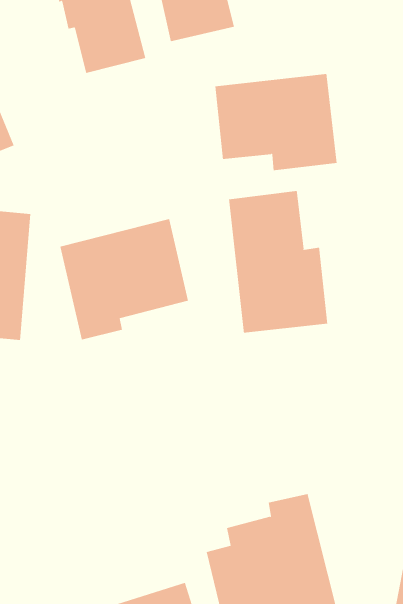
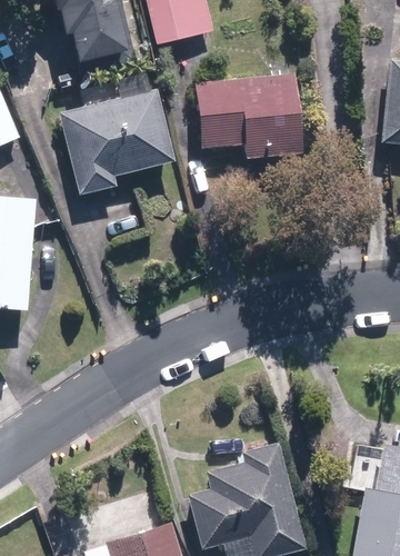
building: [228,190,328,334] -> none
building: [60,219,189,340] -> [50,90,163,197]

